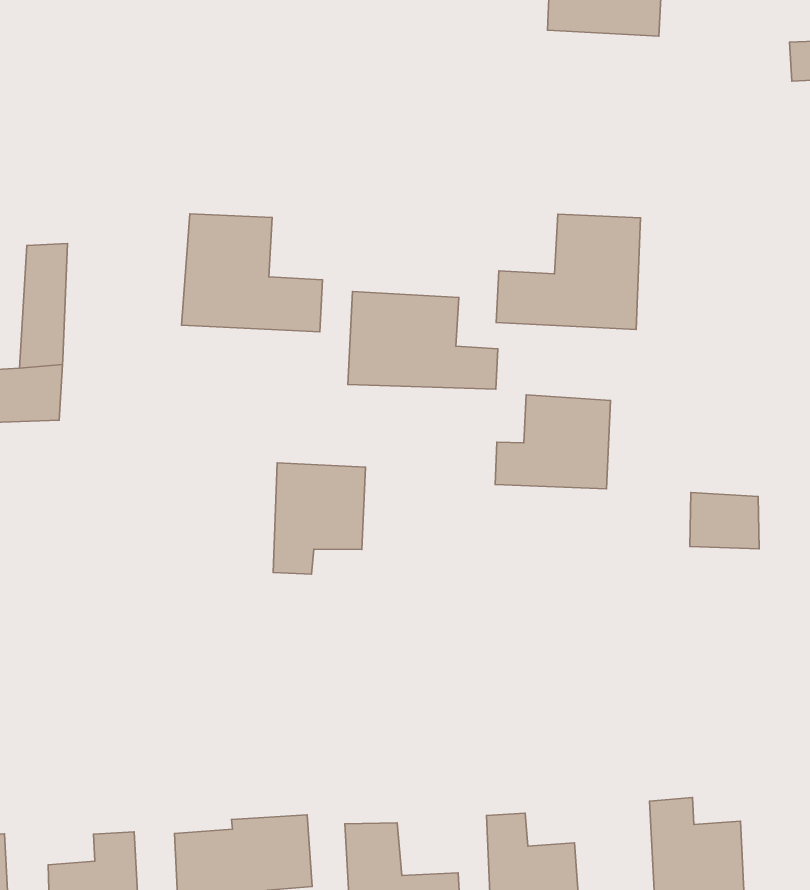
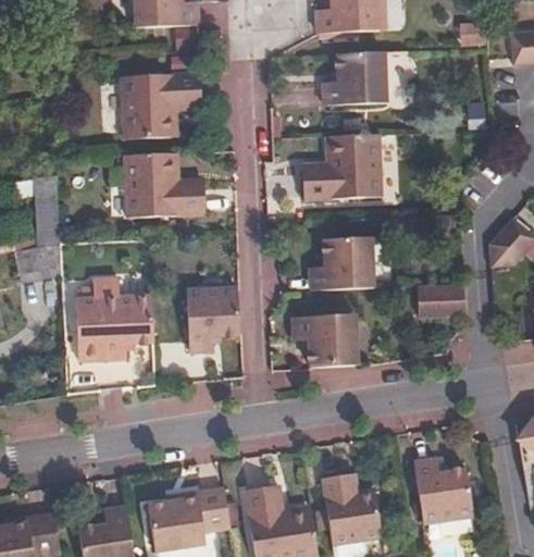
building: none -> [323,51,387,103]
building: none -> [122,71,201,137]
building: [348,291,498,389] -> none
building: none -> [75,276,152,360]
building: none -> [294,313,358,366]

